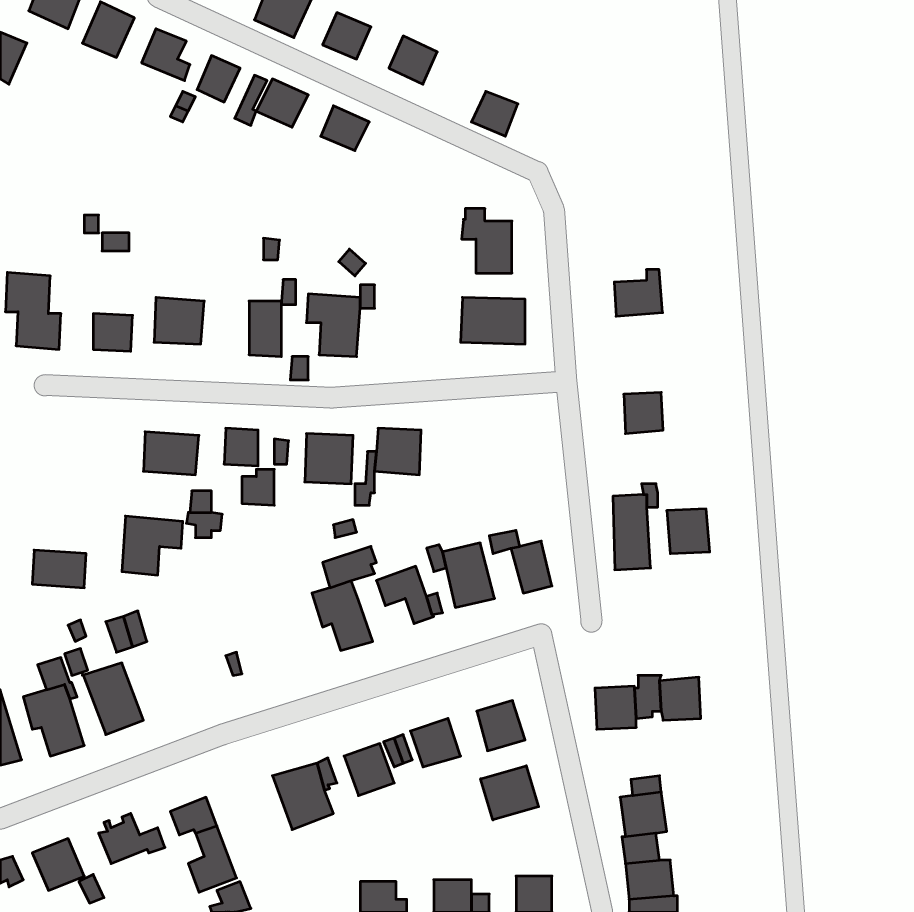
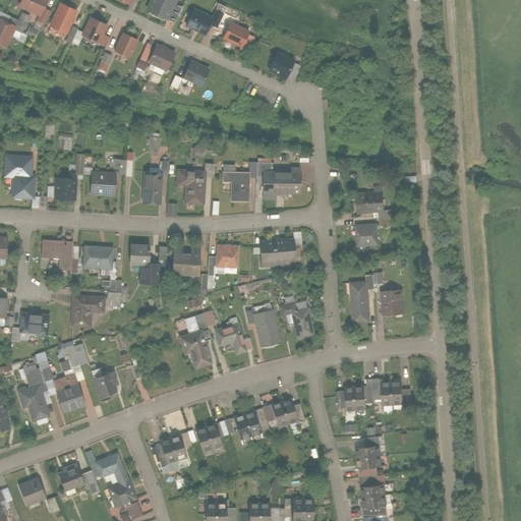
building: [462,209,512,273] -> [221,164,249,200]
building: [614,270,663,316] -> [355,187,383,214]
building: none -> [41,239,72,270]
building: none -> [258,239,295,267]
building: none -> [90,377,114,402]
building: [481,766,539,820] -> none

